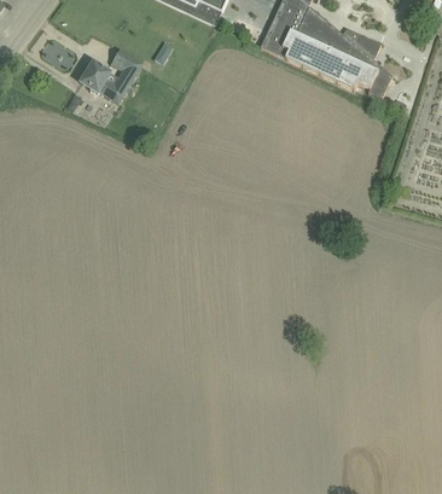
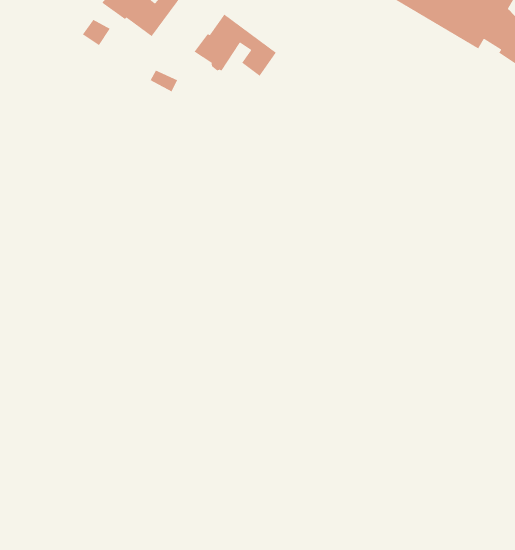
building: none -> [194,14,277,77]

